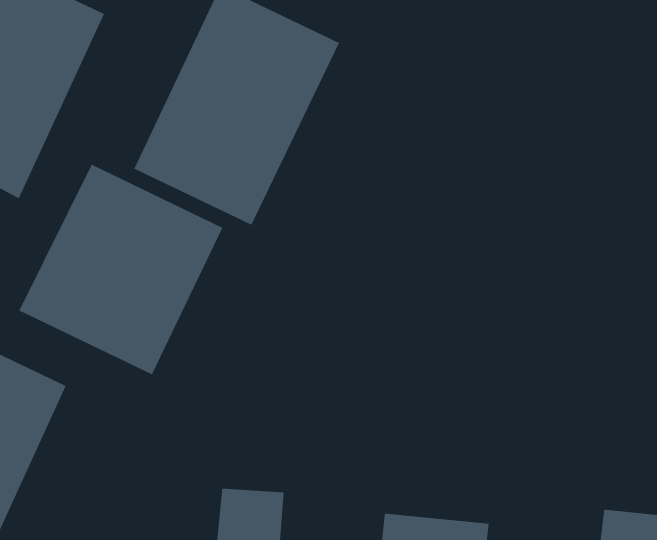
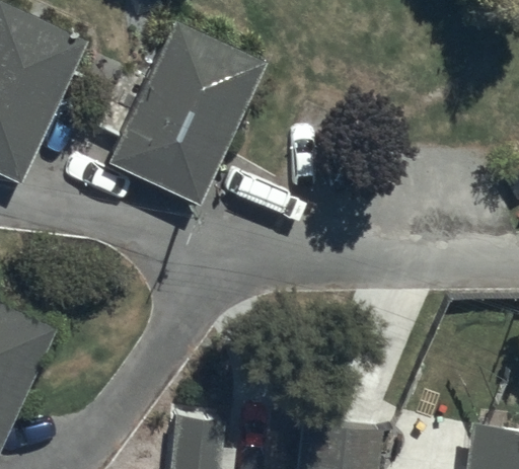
building: [19,164,223,375] -> none

